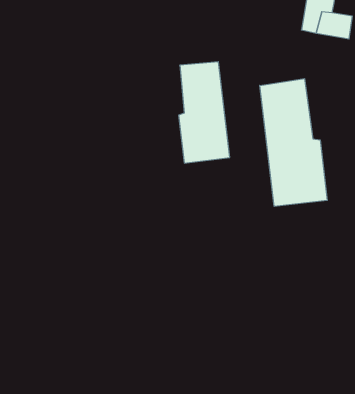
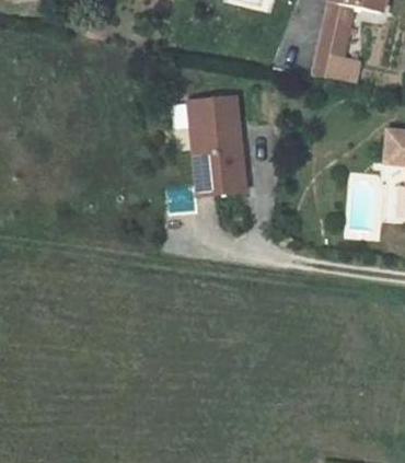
building: [260,79,327,206] -> none

